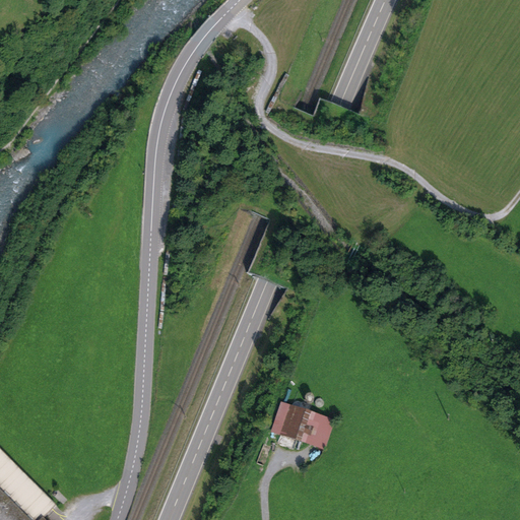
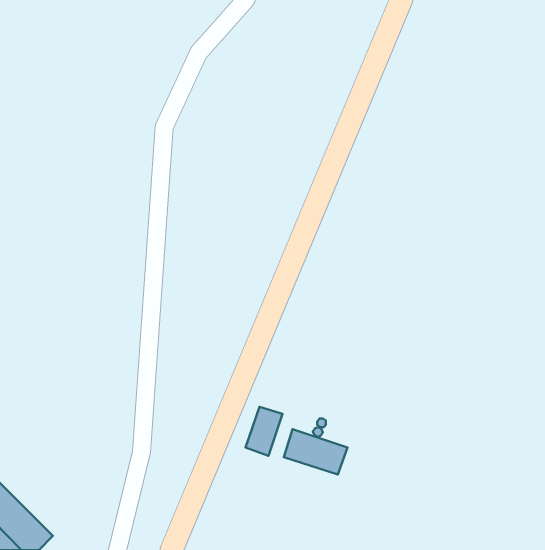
building: none -> [245,407,282,456]

